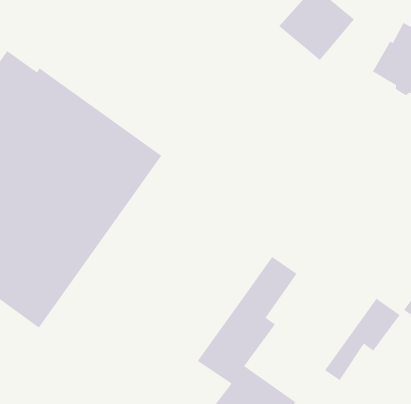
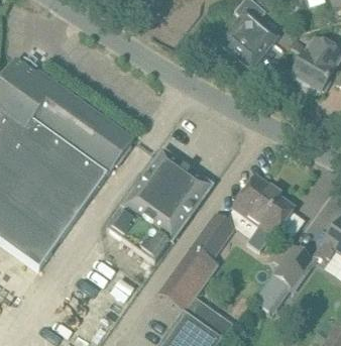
building: none -> [107,149,211,260]
building: none -> [233,174,294,248]

